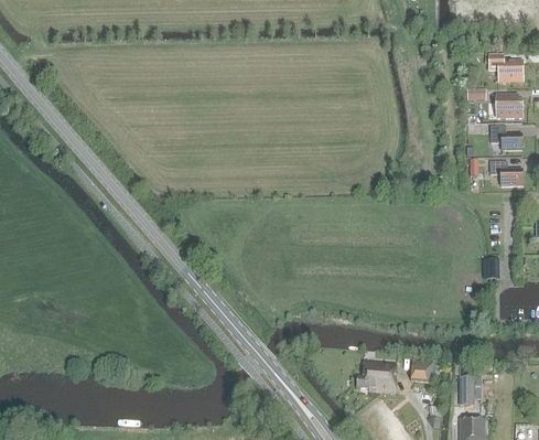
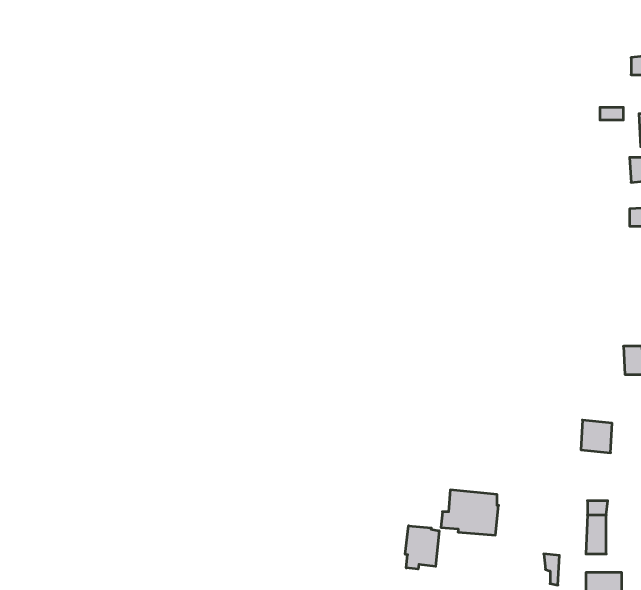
building: [411,358,433,382] -> [581,420,612,453]
building: none -> [405,526,439,569]

